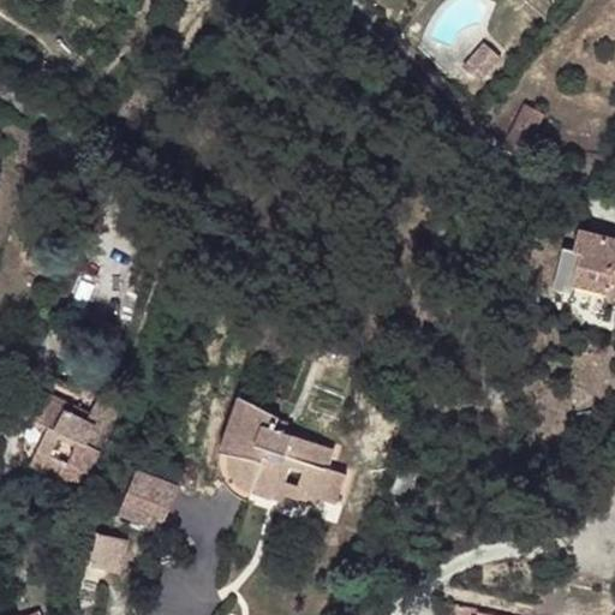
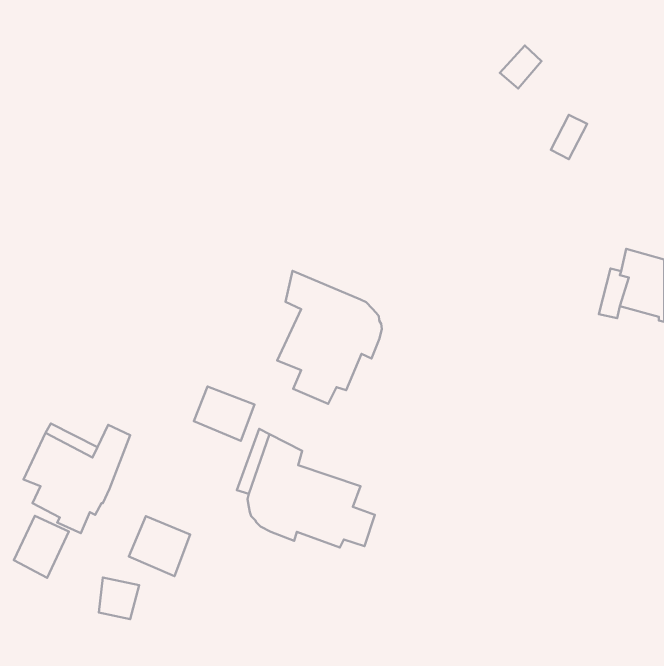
building: none -> [277,271,382,404]
building: none -> [194,386,254,441]
building: none -> [14,516,69,578]

